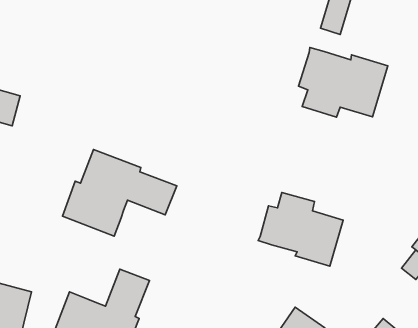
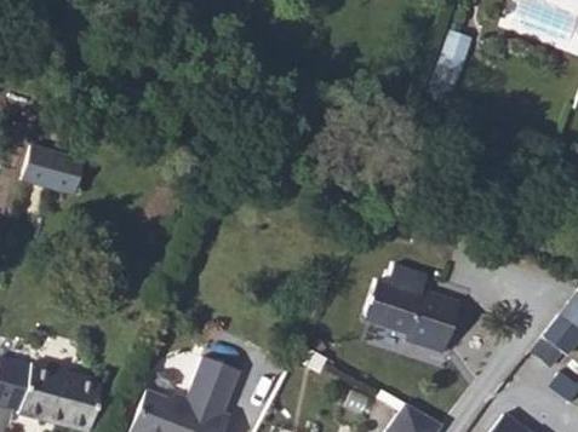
building: [298,48,388,117] -> none
building: [63,150,177,236] -> none

